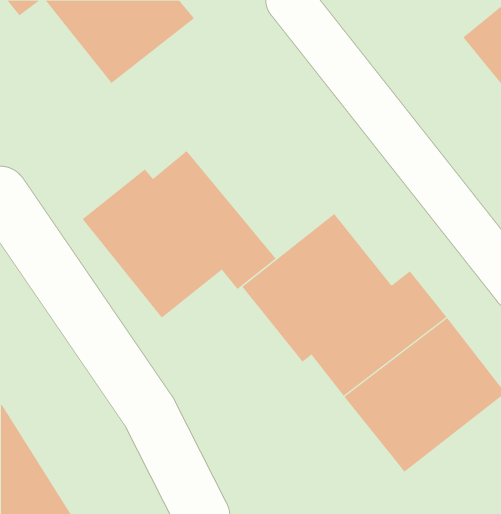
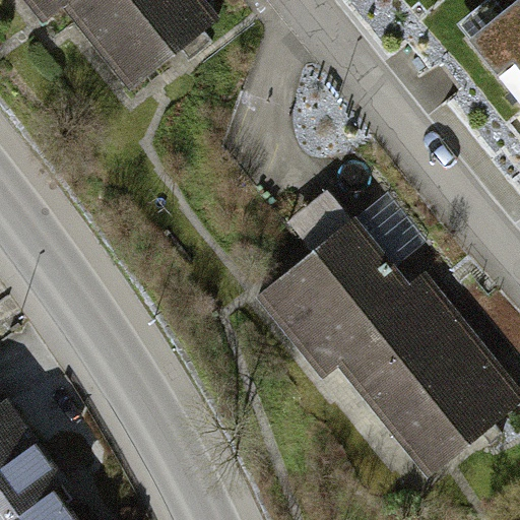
building: [82,150,276,318] -> none

